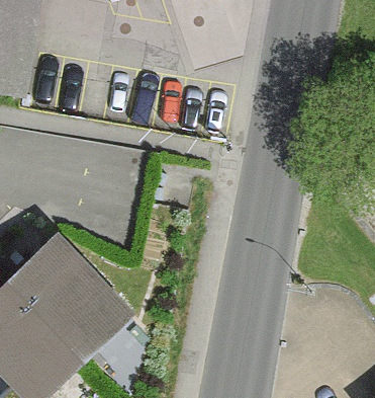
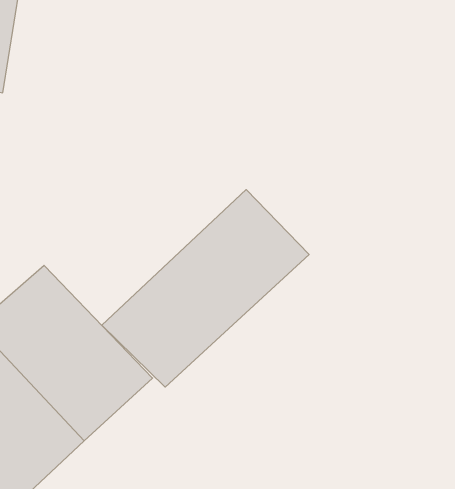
building: none -> [102,190,309,387]

